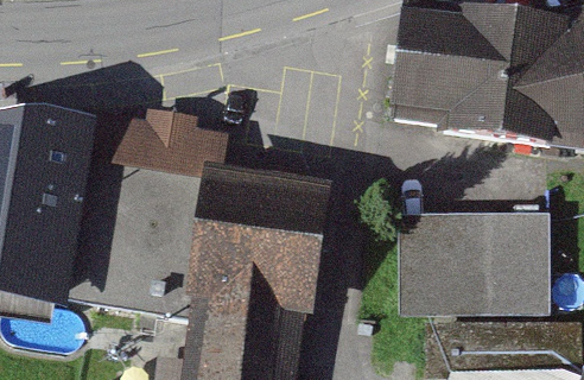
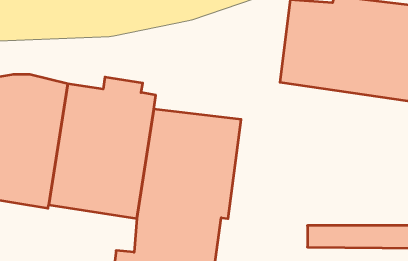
building: [398,209,553,316] -> none

